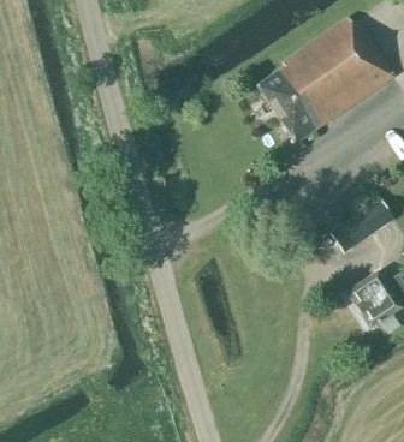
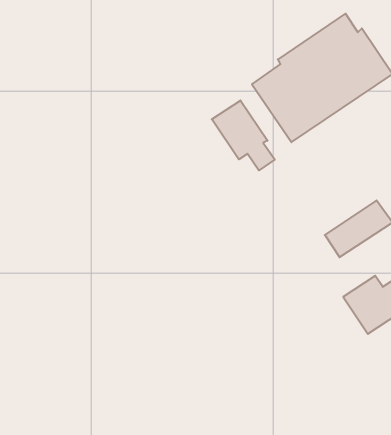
building: none -> [212,100,275,170]

